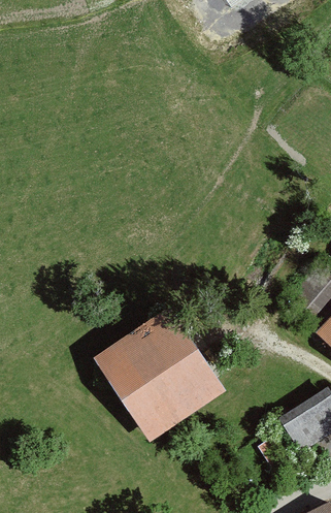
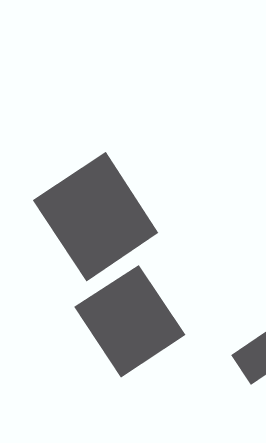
building: none -> [32,151,159,282]

